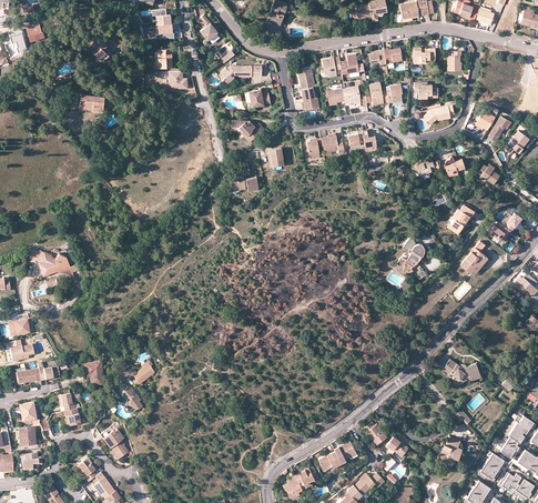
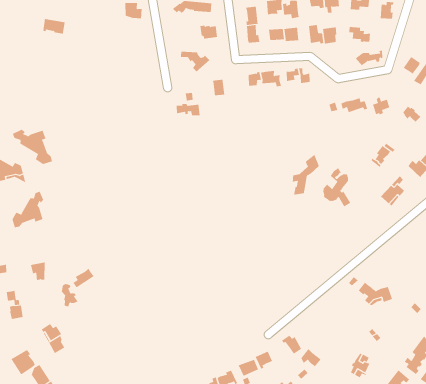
building: none -> [12,129,52,165]
building: none -> [292,154,319,195]
building: none -> [12,191,44,228]

